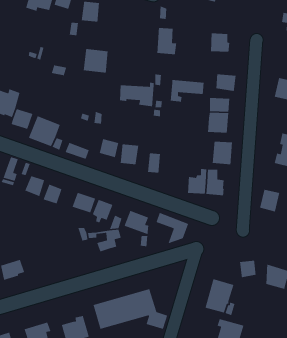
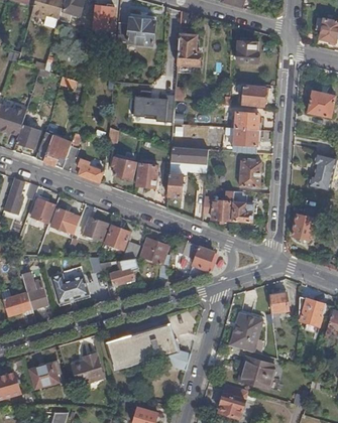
building: [83,48,108,73] -> [126,17,154,45]
building: [170,79,204,103] -> [168,146,207,172]
building: none -> [21,272,46,307]
building: none -> [49,274,88,302]

